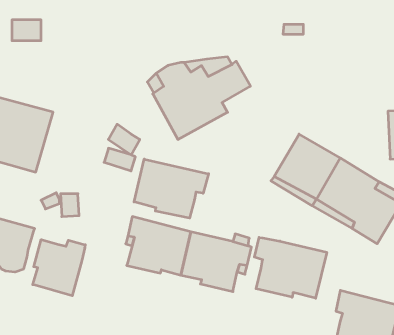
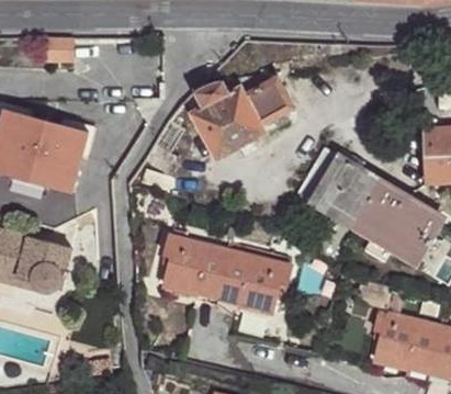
building: [134,159,209,218] -> none
building: [254,237,327,298] -> none
building: [33,240,85,296] -> none

